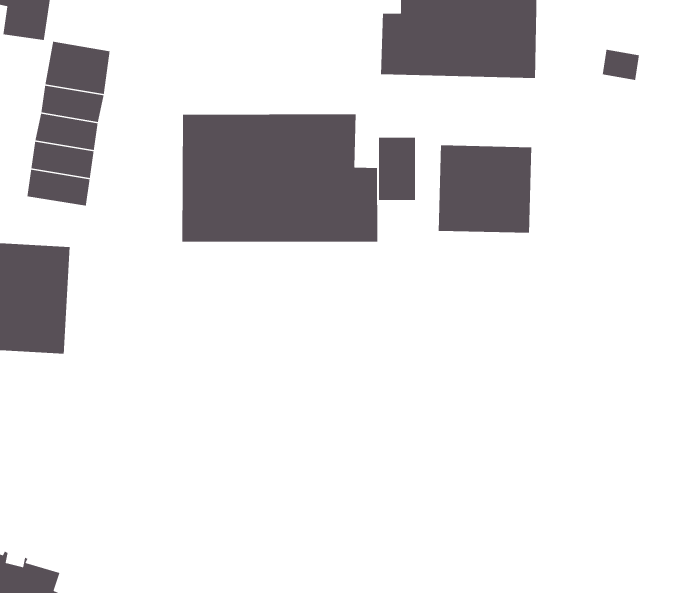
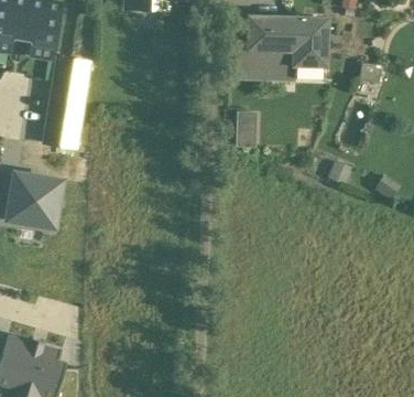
building: [181,114,378,243] -> none
building: [438,144,532,234] -> none

